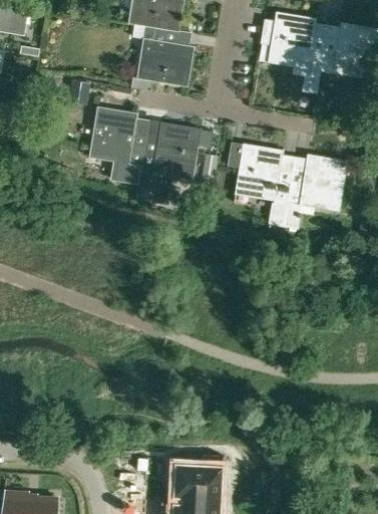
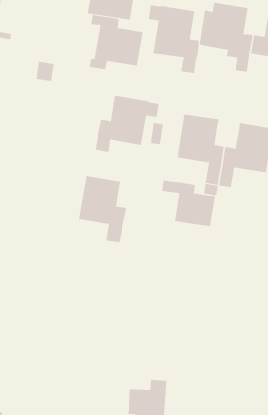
building: none -> [148,4,199,74]
building: [88,105,145,185] -> [78,175,127,243]
building: none -> [162,180,216,227]

